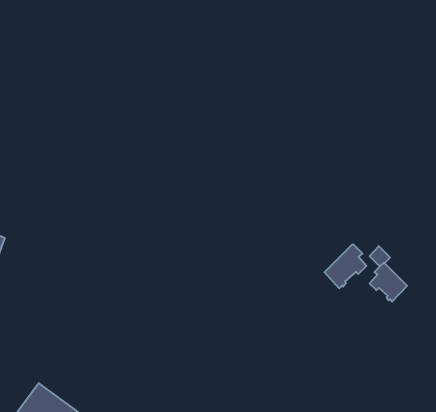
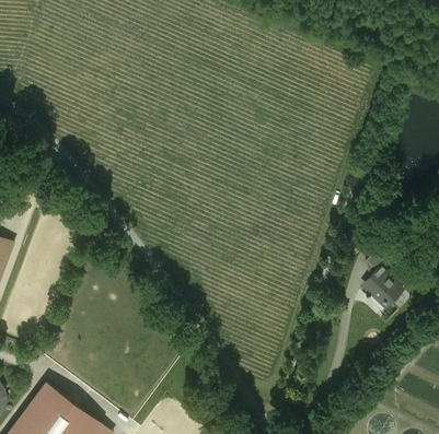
building: [324,244,366,288] -> none

